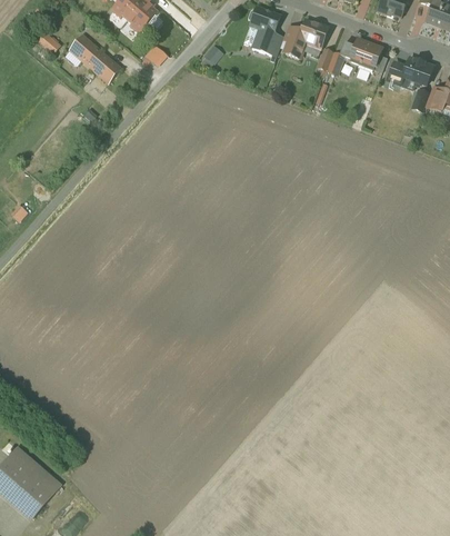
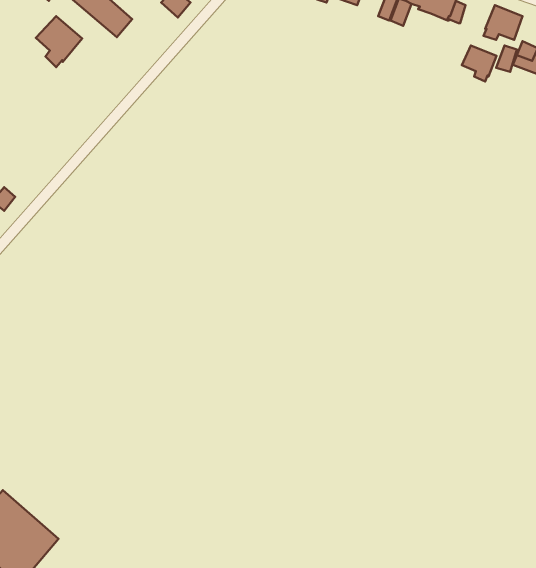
building: none -> [36,16,82,67]
building: none -> [462,46,496,82]

